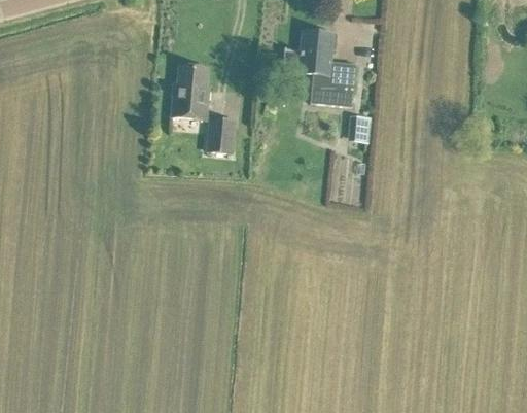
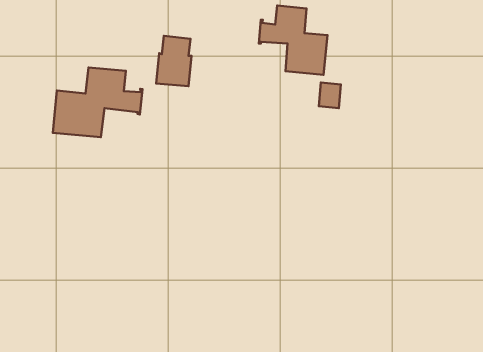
building: none -> [53,67,143,137]
building: [205,117,236,154] -> none

